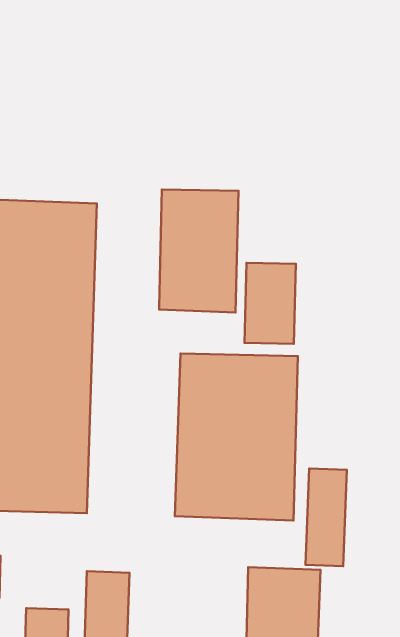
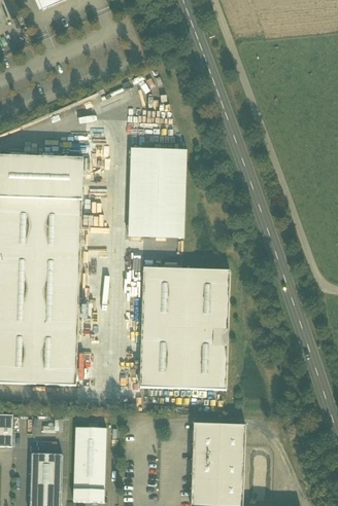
building: [245,263,296,344] -> none
building: [306,468,347,566] -> none

